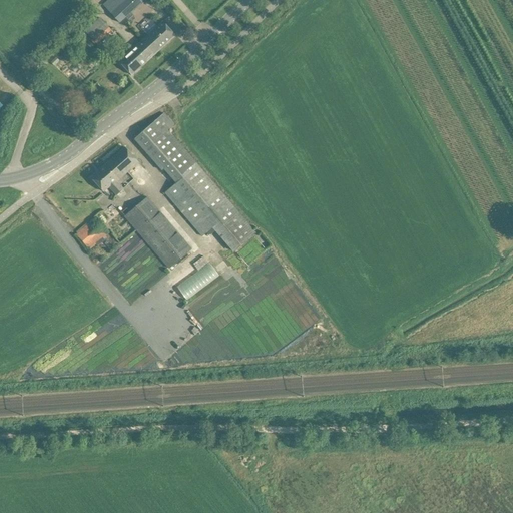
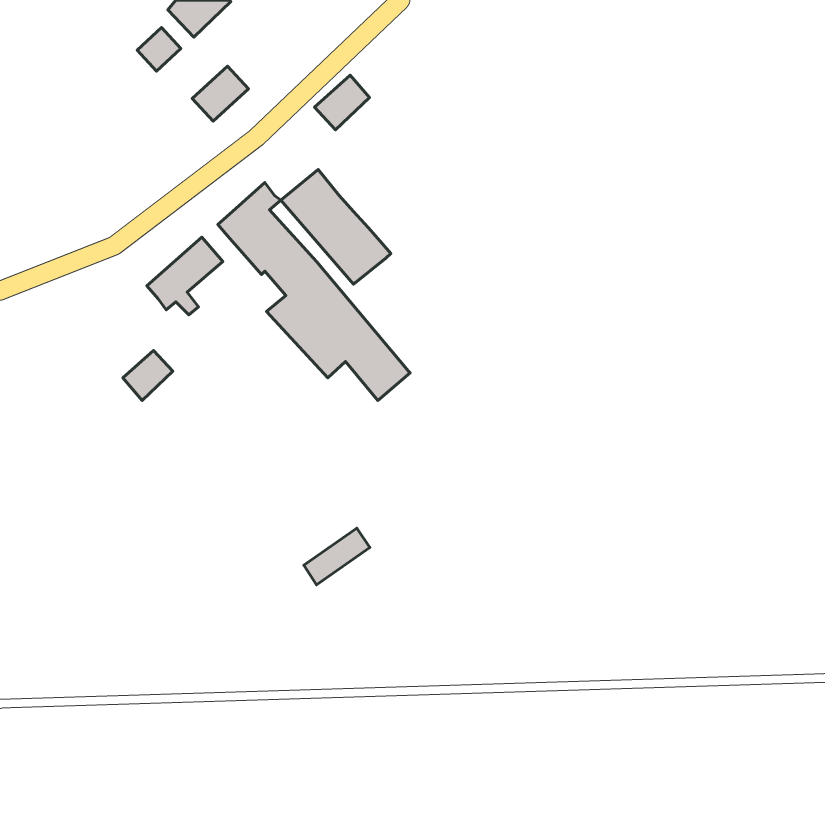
building: [141,21,175,55] -> [315,75,370,130]
building: [124,197,192,269] -> [281,170,391,284]
building: [179,263,220,298] -> [304,528,370,585]

